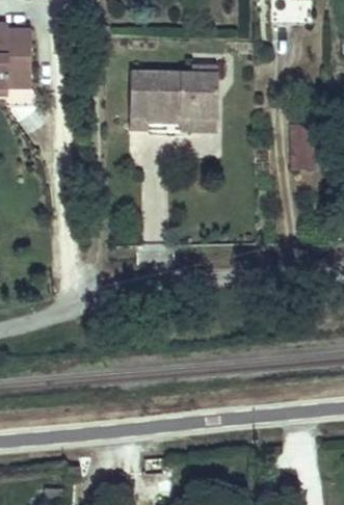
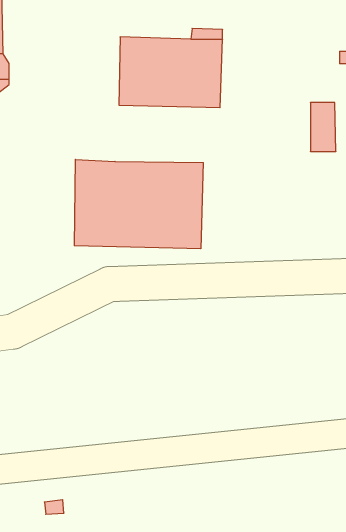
building: none -> [74,159,203,249]

